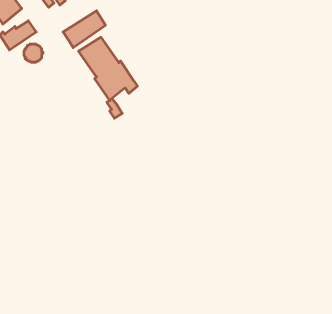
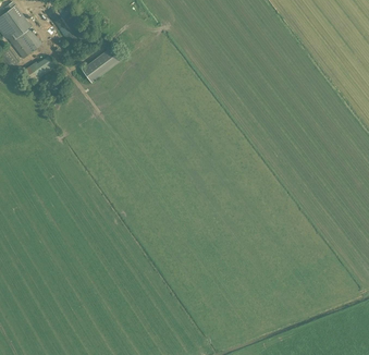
building: [79,37,137,118] -> none

